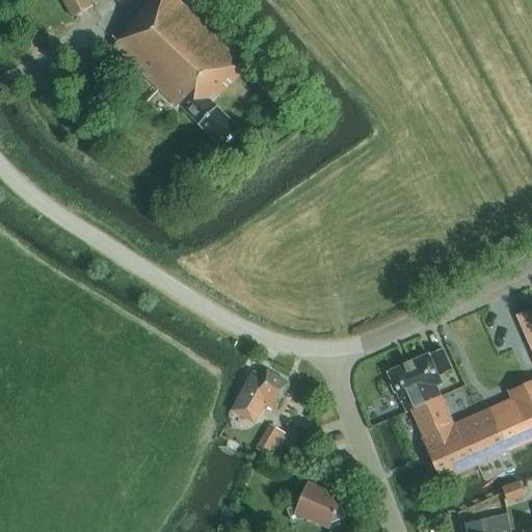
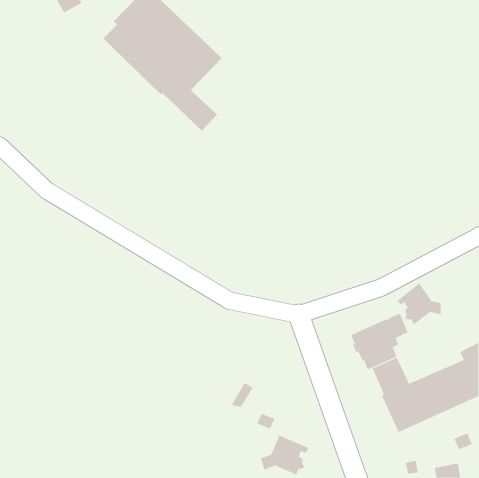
building: none -> [397,282,441,325]
building: [230,368,289,420] -> none

